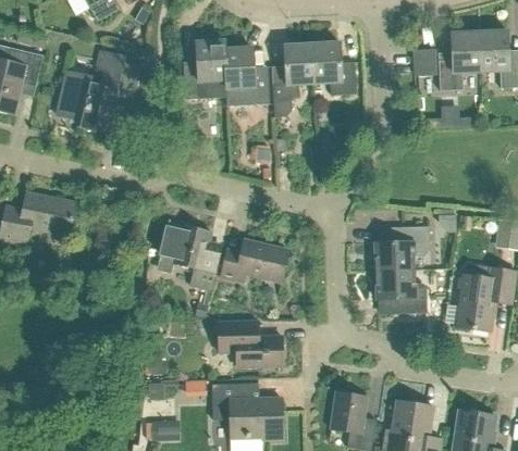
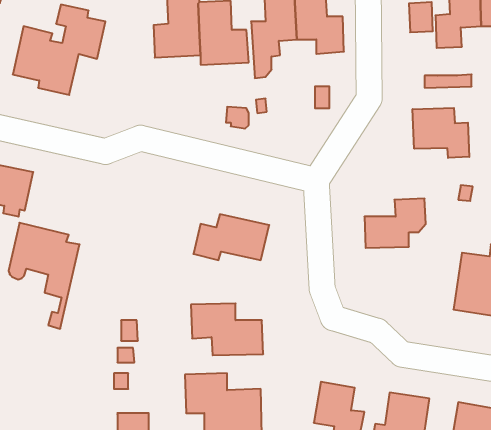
building: none -> [413,108,469,158]
building: [158,221,222,316] -> [9,223,80,329]
building: [375,268,425,313] -> none

